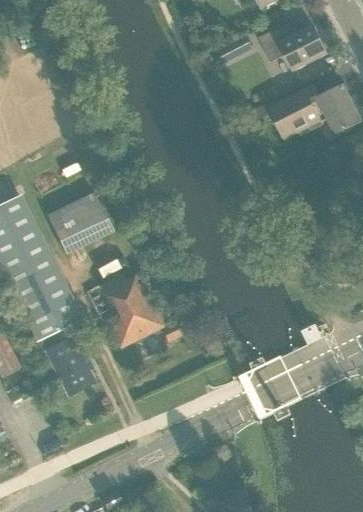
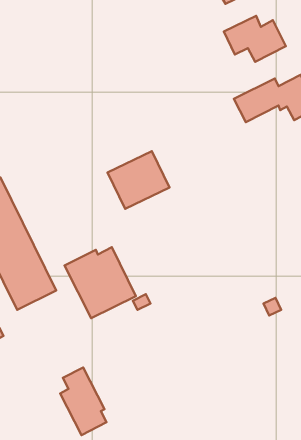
building: [47,190,114,252] -> [107,151,170,209]
building: [45,322,95,395] -> [60,368,106,435]

